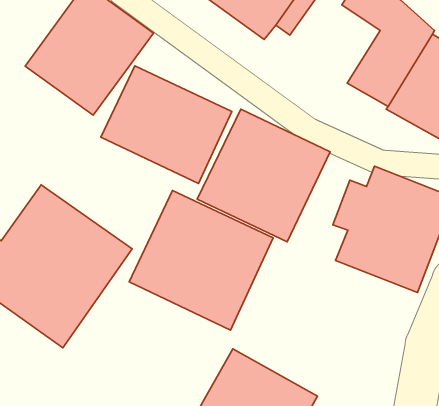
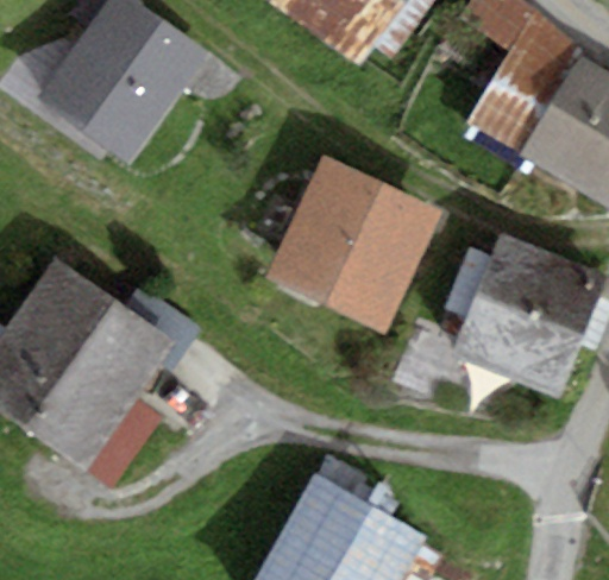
building: [101,66,232,184] -> none
building: [129,190,273,330] -> none

